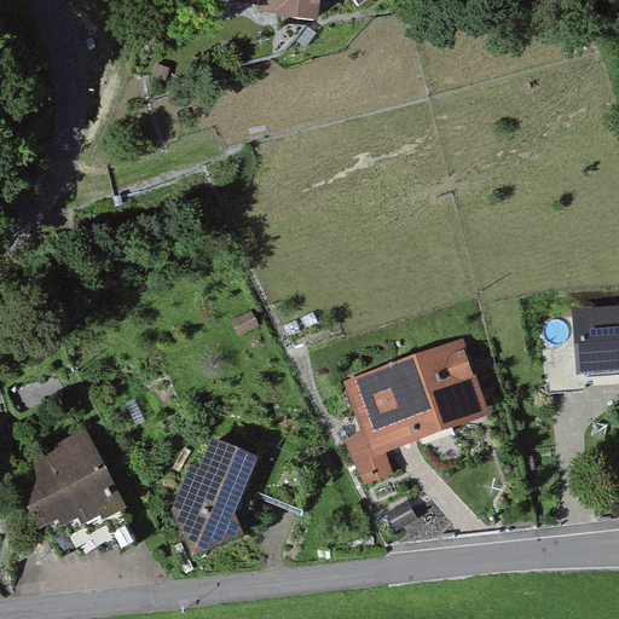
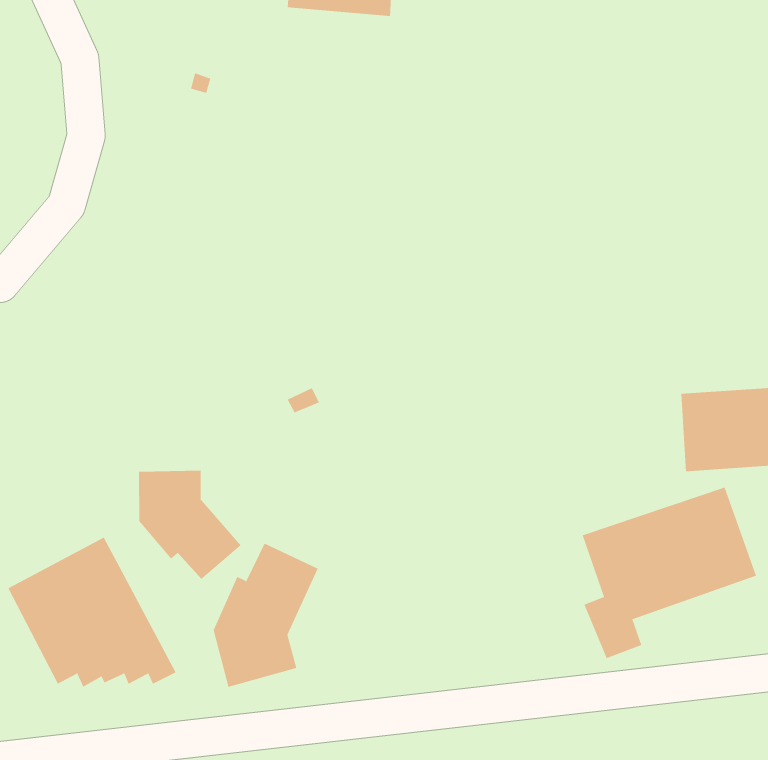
building: [347,340,487,478] -> [582,487,757,659]
building: none -> [138,470,241,580]

